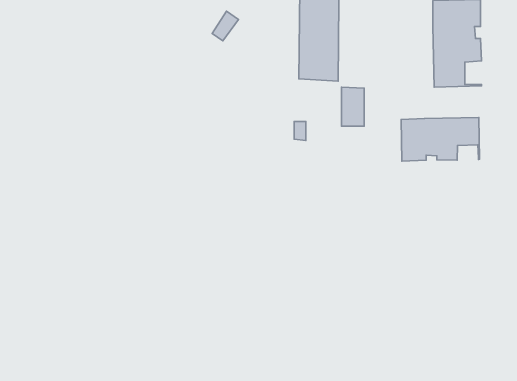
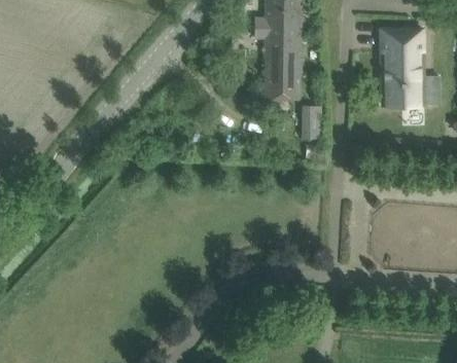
building: [401,118,479,161] -> none

